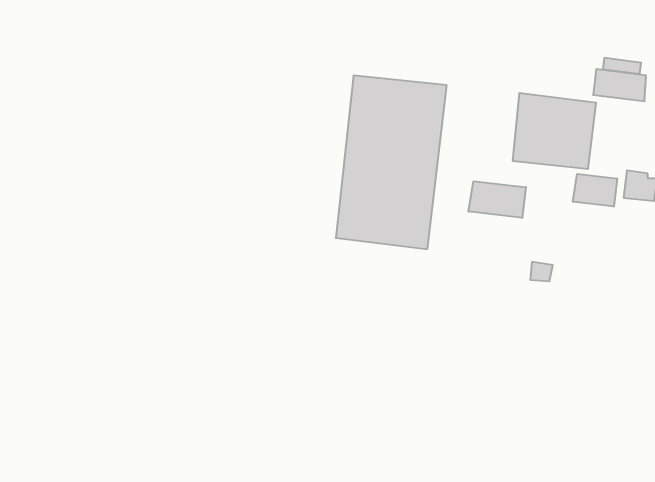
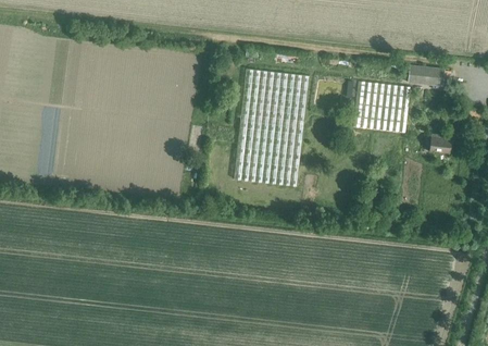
building: [573,174,617,207] -> none
building: [468,181,526,218] -> none

